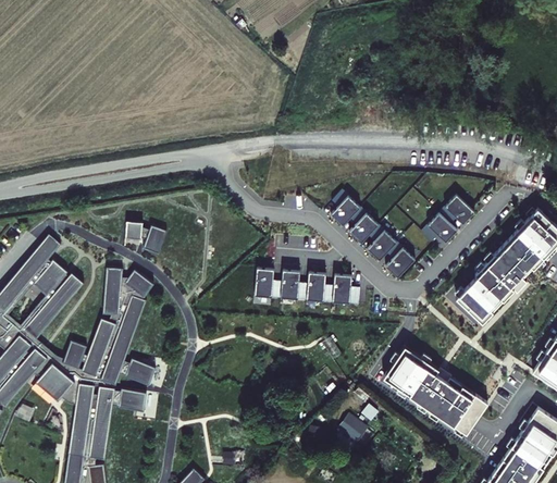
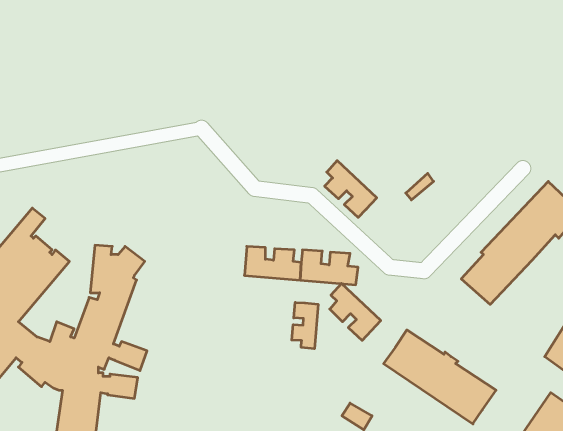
building: [419,194,472,242] -> none
building: [126,223,169,253] -> none
building: [362,224,410,277] -> [330,283,381,340]
building: none -> [292,302,318,349]

